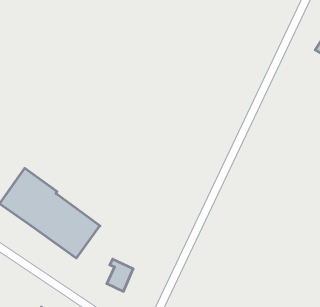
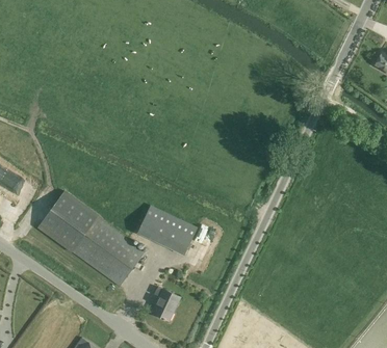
building: none -> [136,205,197,255]

